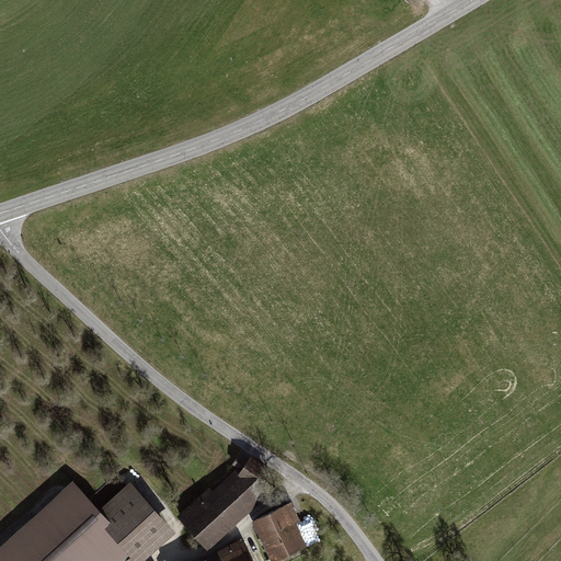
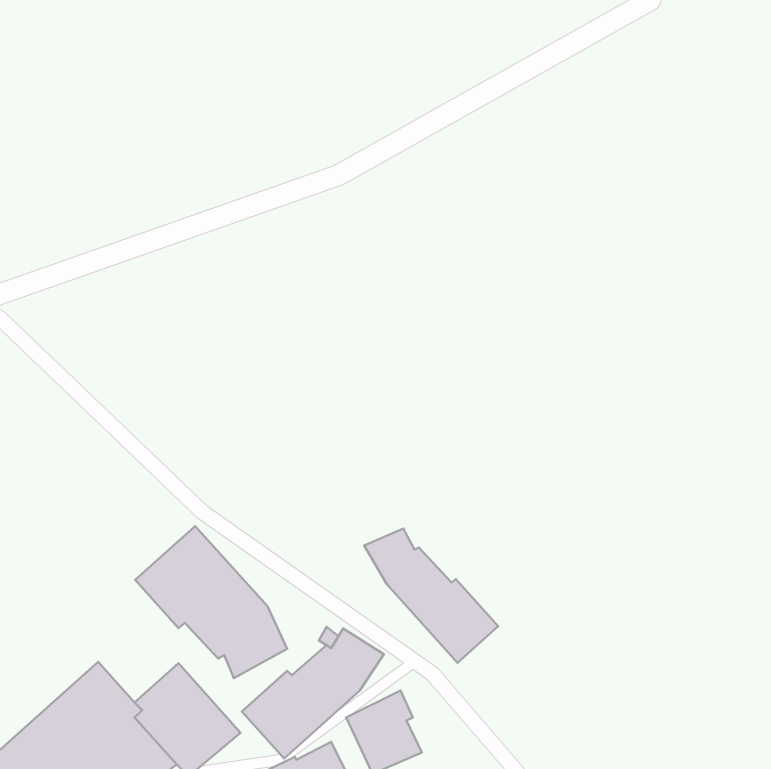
building: none -> [135,526,287,678]
building: none -> [364,529,498,663]

